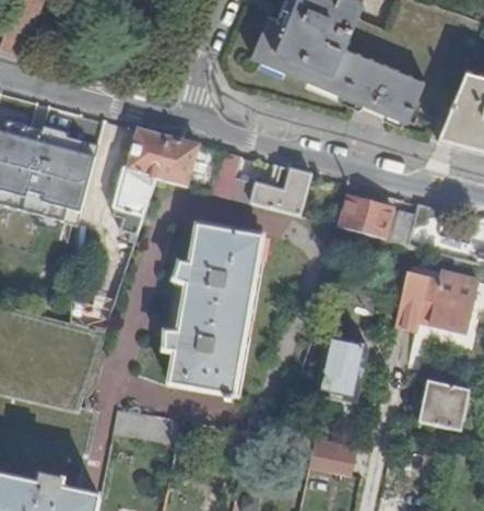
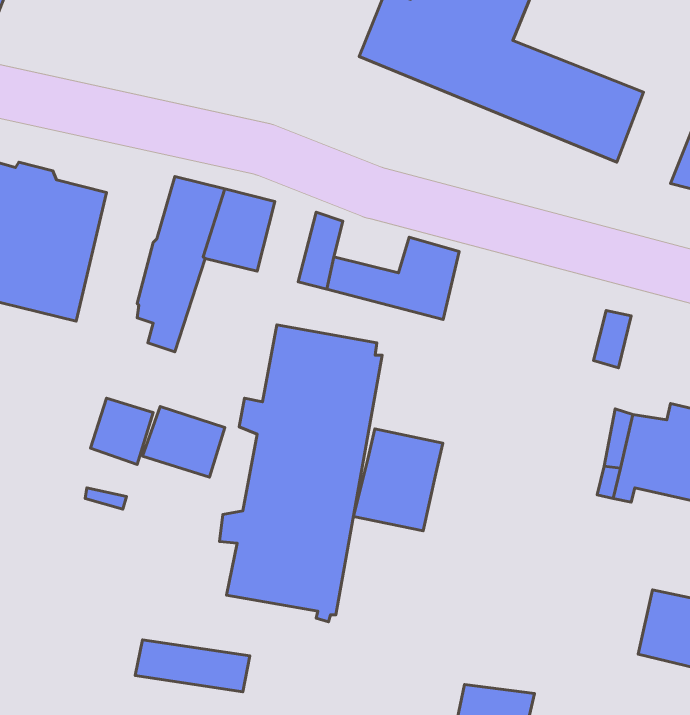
building: [340,198,392,240] -> none
building: none -> [142,406,225,477]
building: [315,340,369,402] -> [353,429,443,531]

